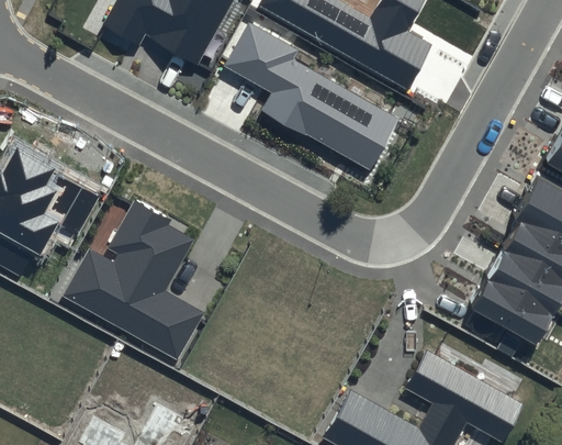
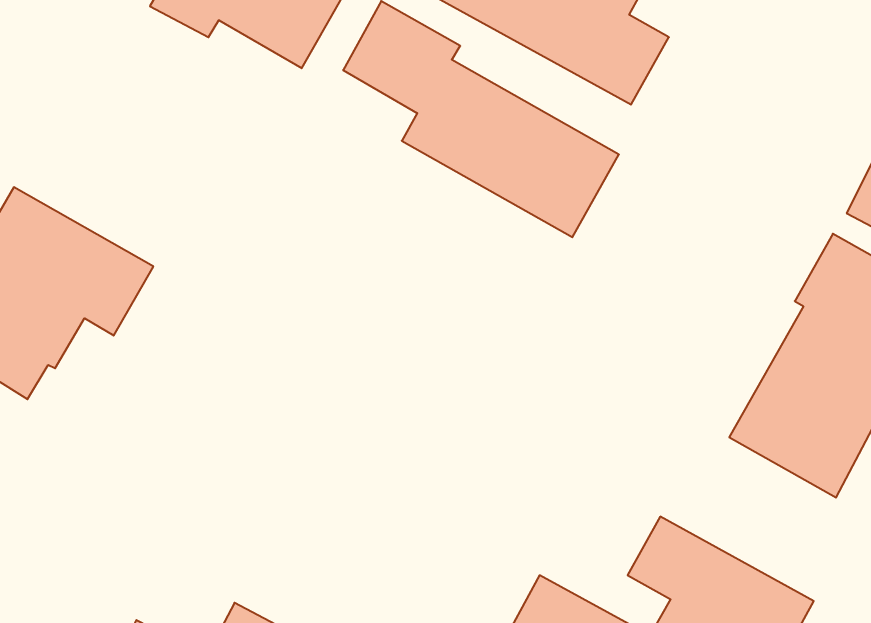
building: [63,198,202,358] -> none

